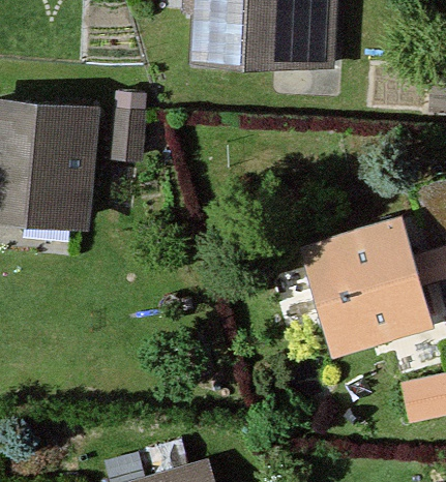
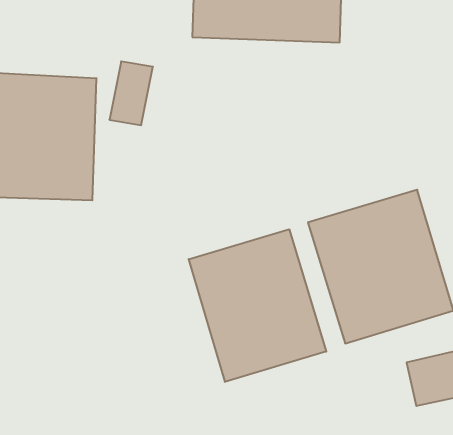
building: none -> [189,229,326,382]

